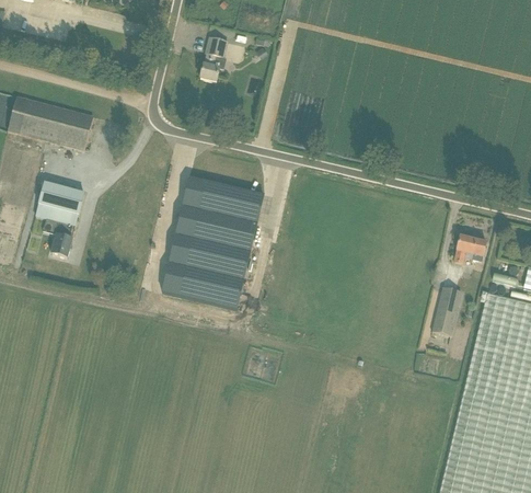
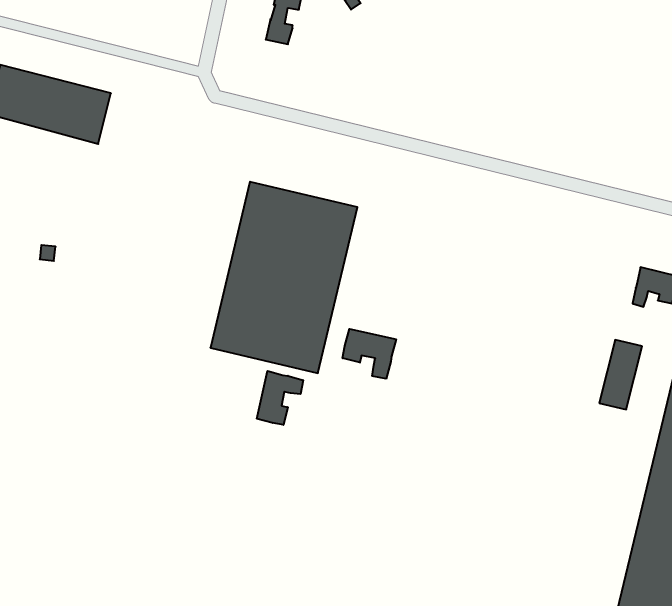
building: [36,182,84,257] -> none
building: none -> [343,329,396,379]
building: none -> [257,371,303,425]

